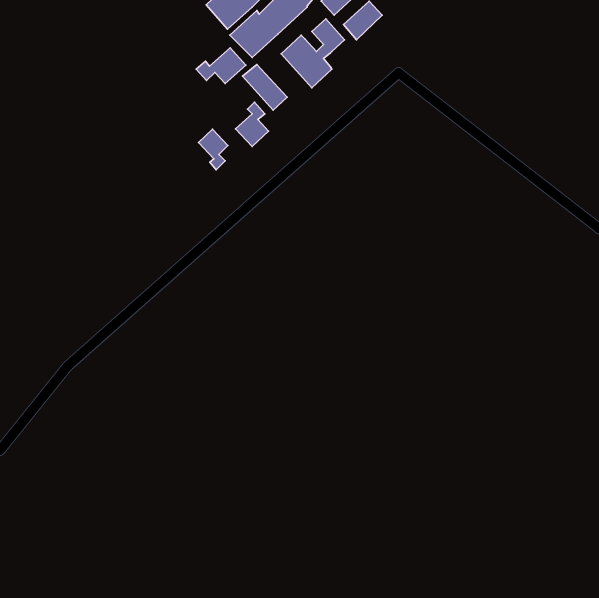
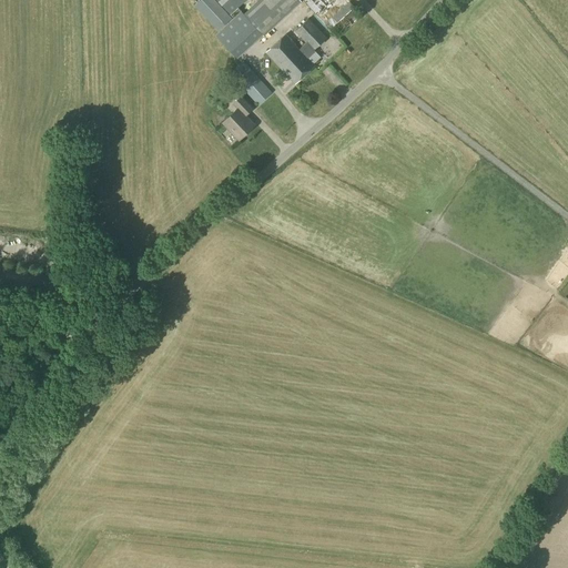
building: [196,48,246,84] -> none
building: [198,129,228,170] -> none

